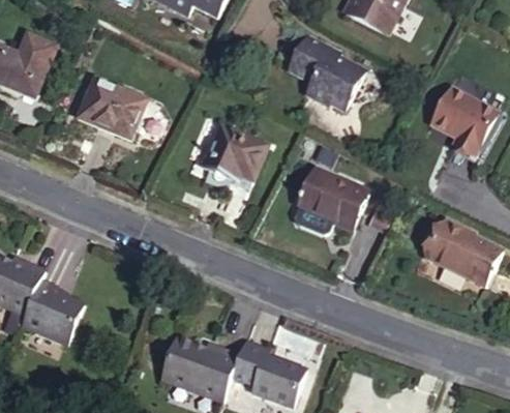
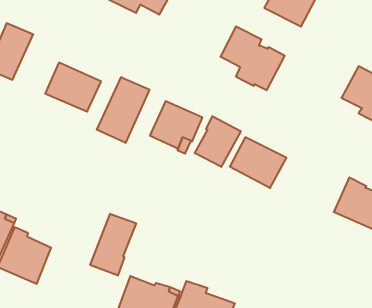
building: none -> [97,77,149,143]
building: none -> [195,116,241,167]
building: none -> [90,214,136,276]

